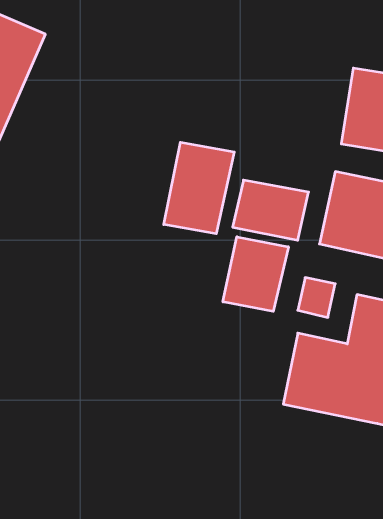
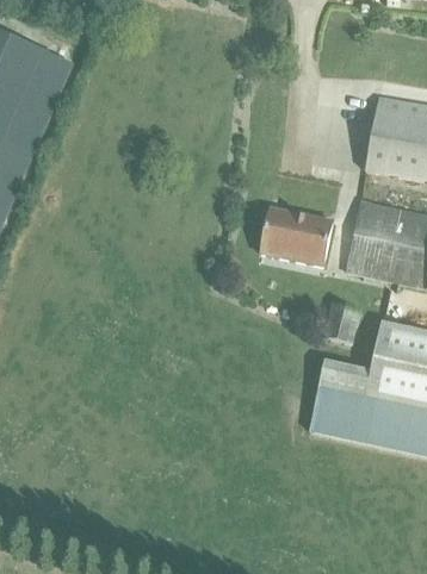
building: [164,142,234,234] -> none
building: [223,237,288,311] -> none

